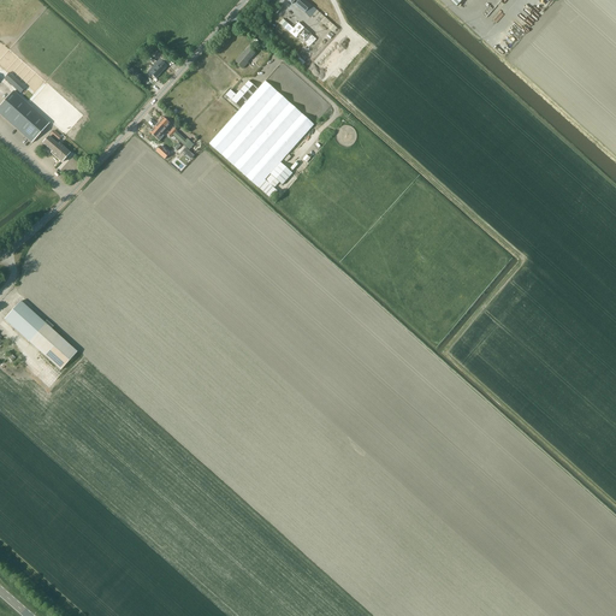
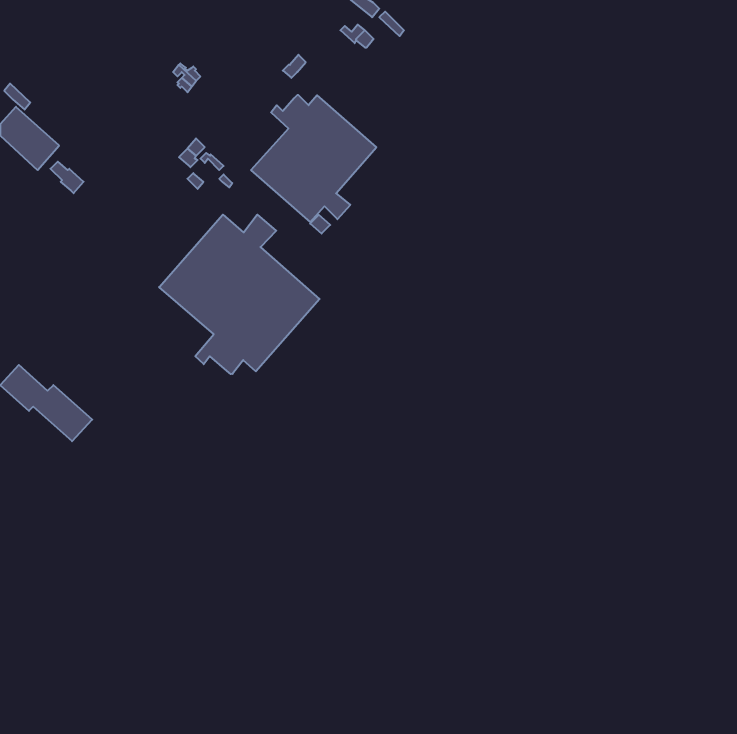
building: none -> [159,215,320,374]

